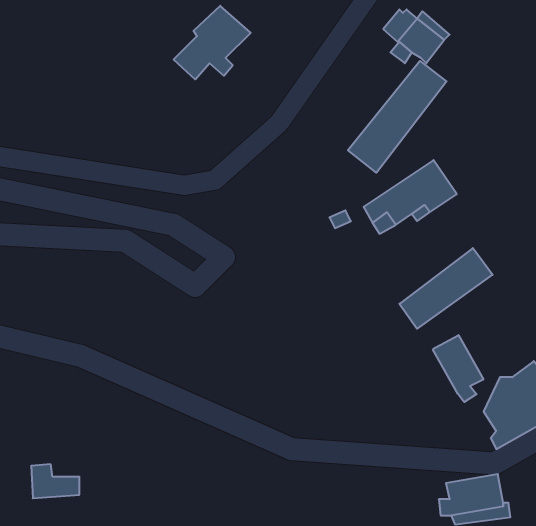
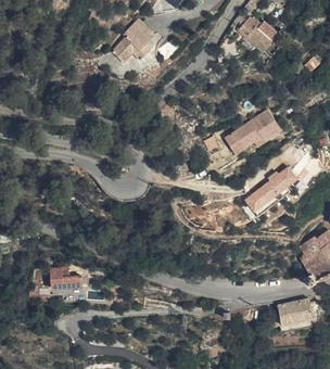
building: [348,61,447,173] -> none
building: [433,335,483,402] -> none
building: [31,464,79,498] -> [53,268,82,289]

